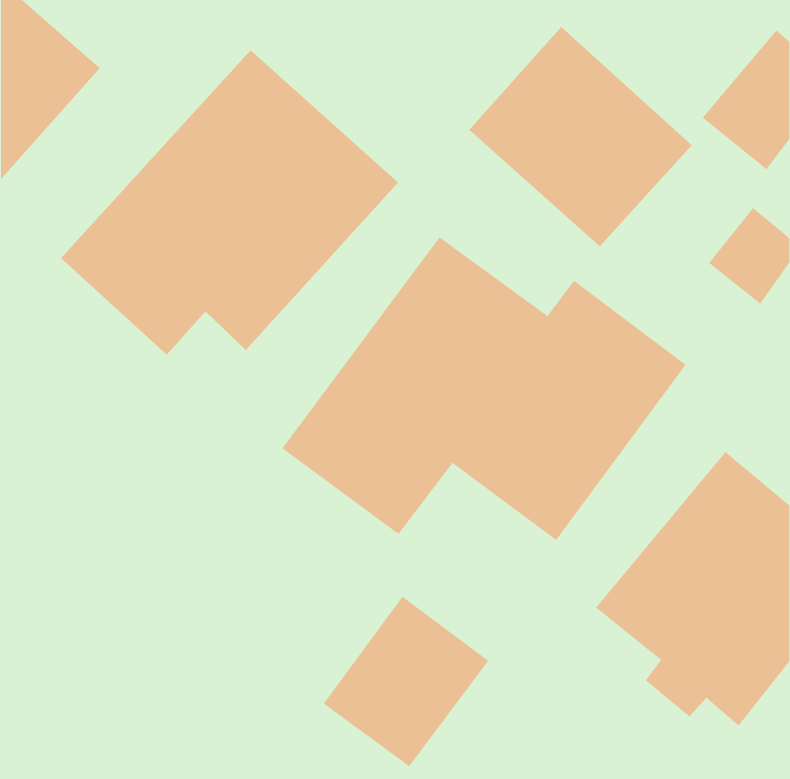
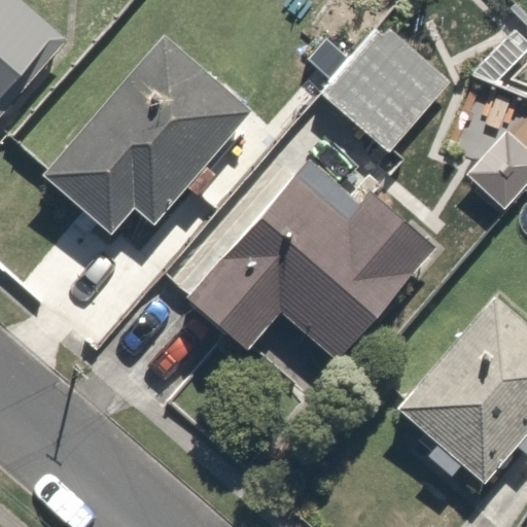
building: [323,596,489,767] -> none

